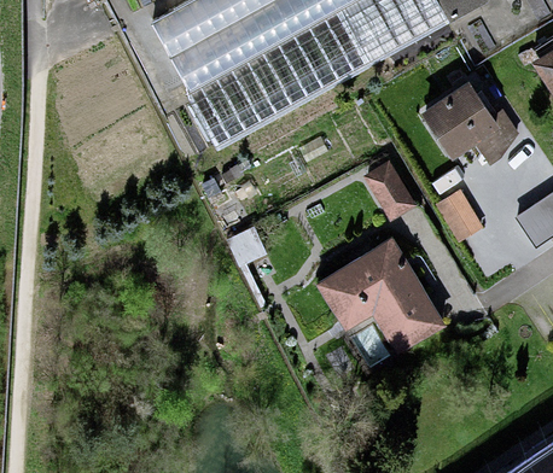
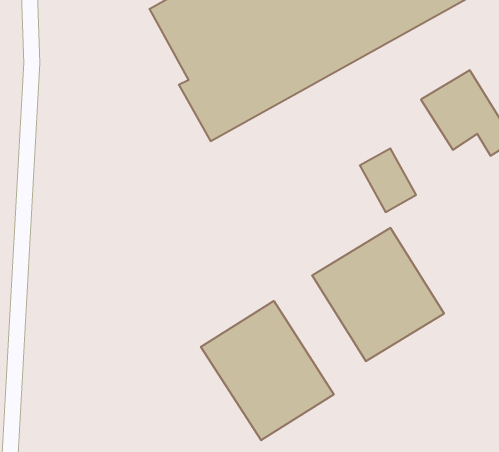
building: [437,189,482,241] -> none
building: none -> [201,301,334,440]

